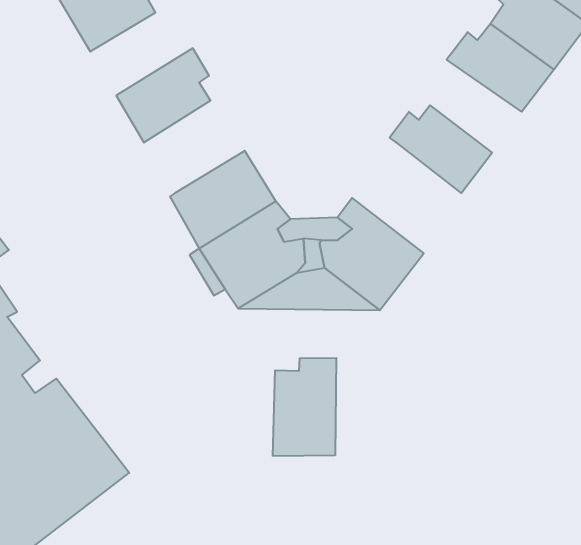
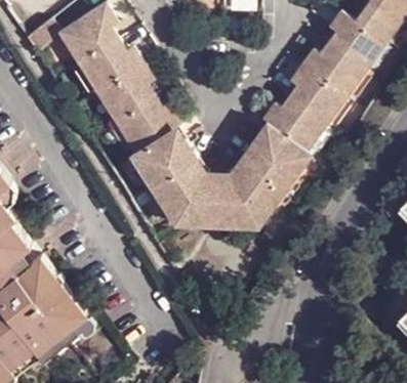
building: none -> [74,40,138,92]
building: none -> [288,70,345,128]
building: none -> [108,95,176,154]
building: none -> [239,122,312,192]
building: [273,358,336,456] -> none

